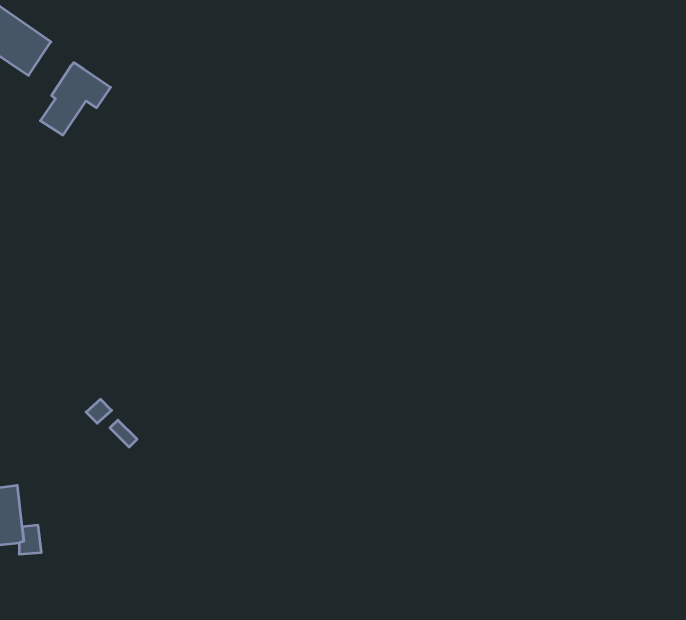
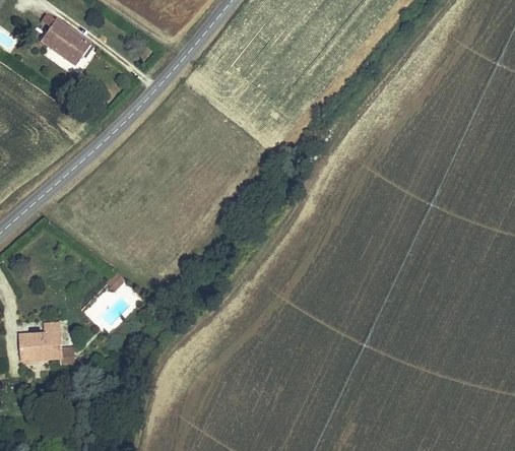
building: [40,63,111,135] -> none

